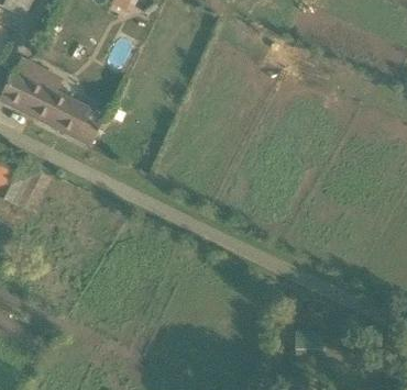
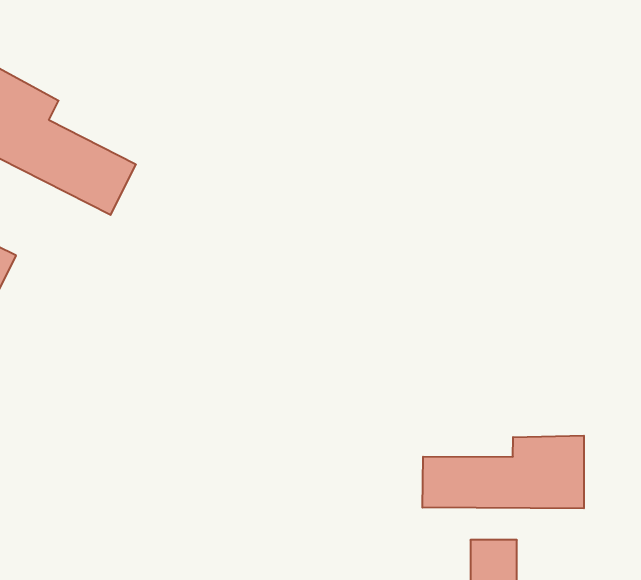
building: none -> [422,436,584,508]

